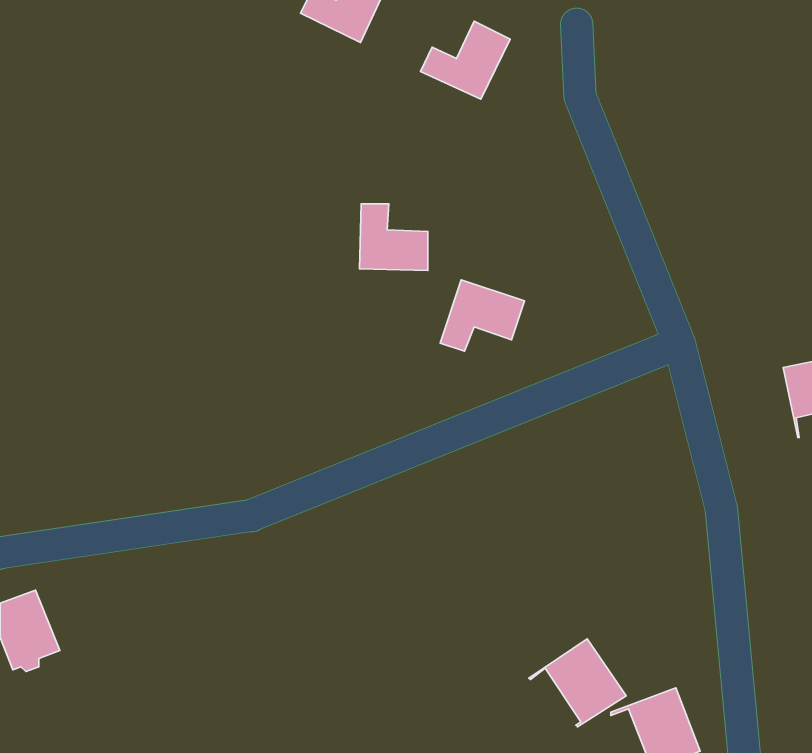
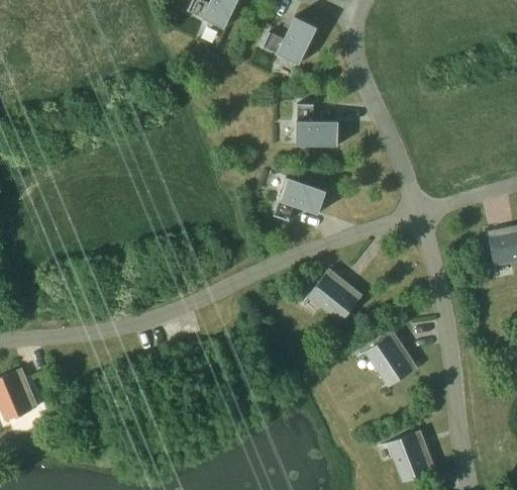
building: [360,204,428,270] -> [296,104,338,145]
building: none -> [302,269,363,323]
building: [529,639,626,727] -> [357,332,418,387]

